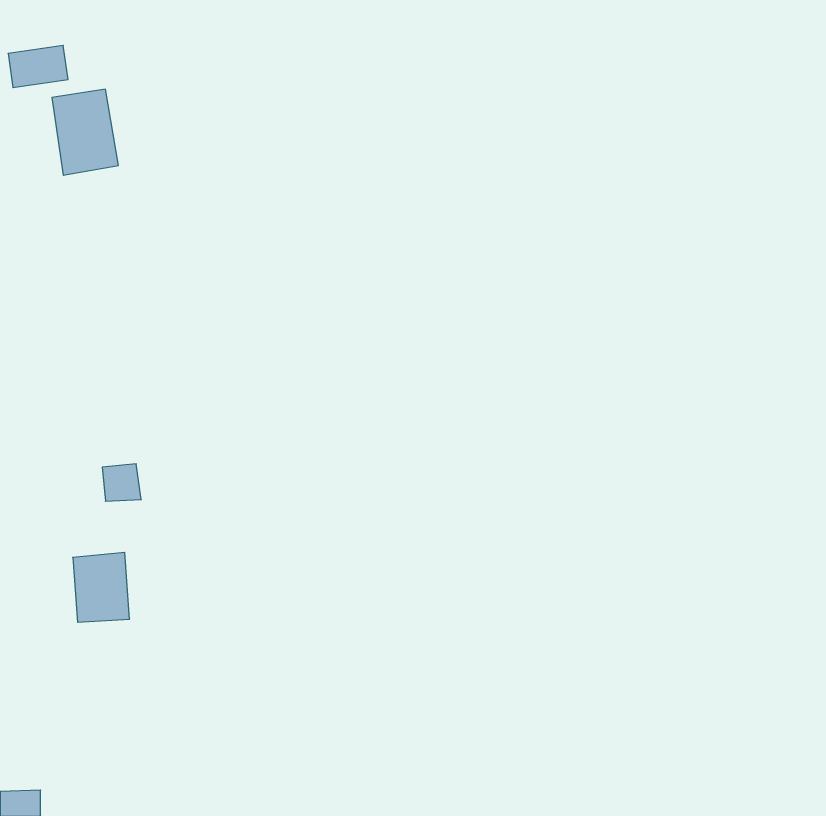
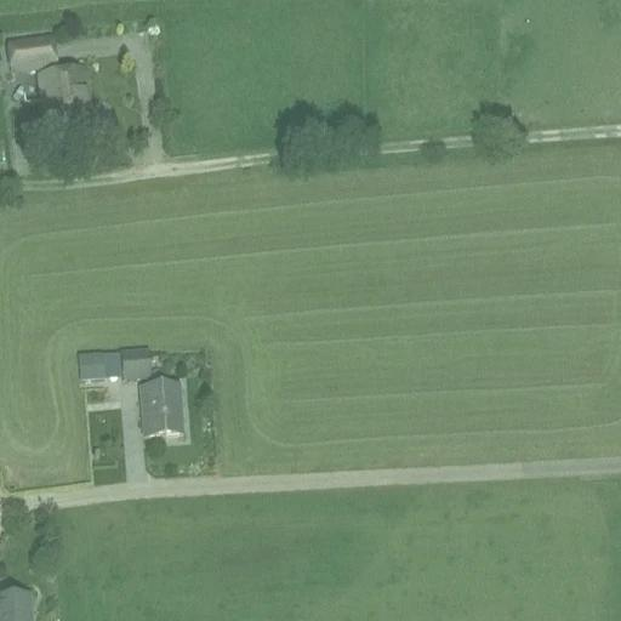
building: none -> [121,346,150,375]
building: [73,552,130,622] -> [141,380,183,432]

